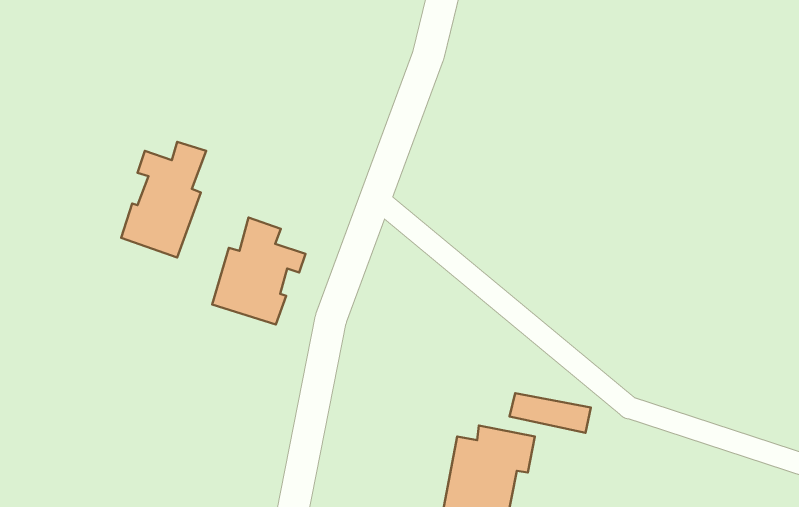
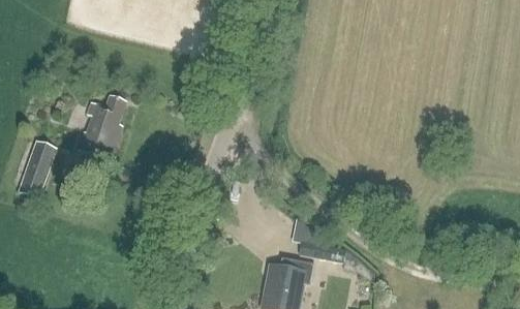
building: [212,218,305,325] -> none
building: none -> [19,138,54,196]

